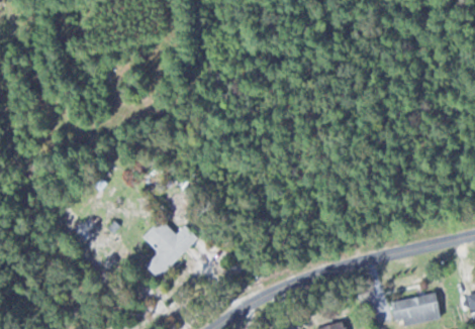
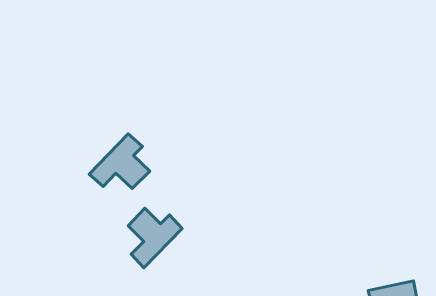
building: none -> [89,134,150,189]

